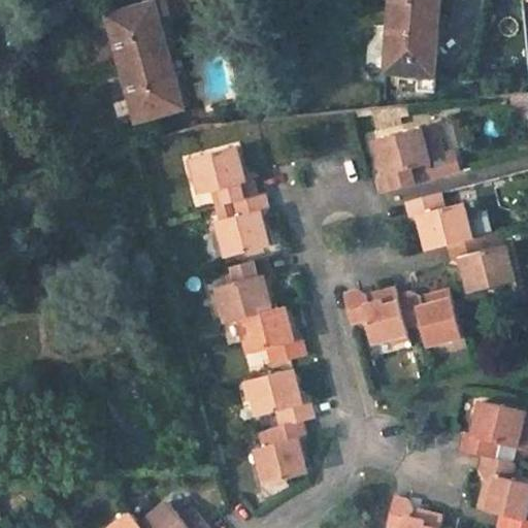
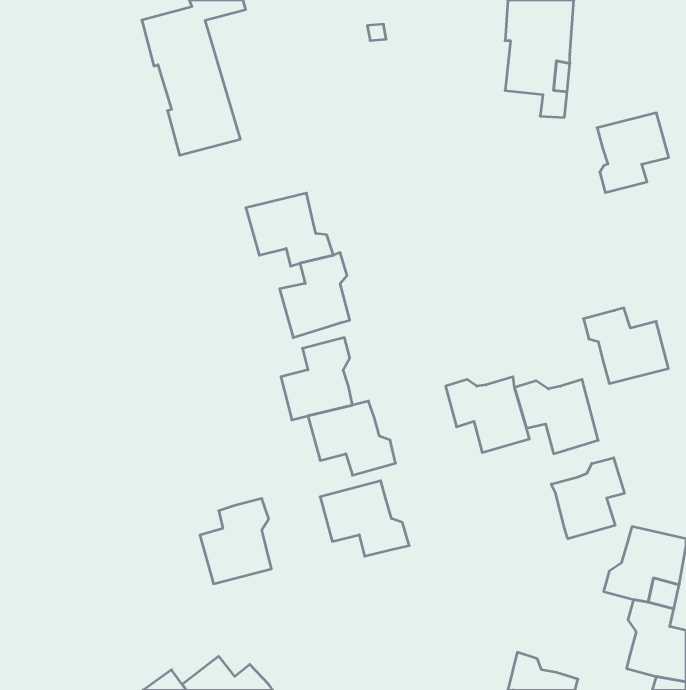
building: [371,130,426,191] -> [597,113,669,193]
building: [405,191,469,249] -> none
building: none -> [551,458,624,539]
building: [252,420,306,485] -> [200,499,271,584]

